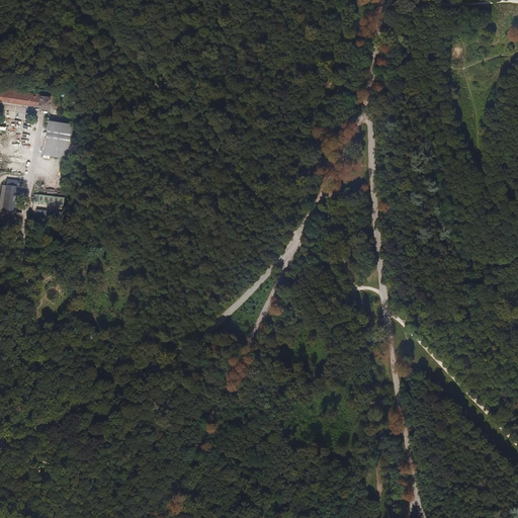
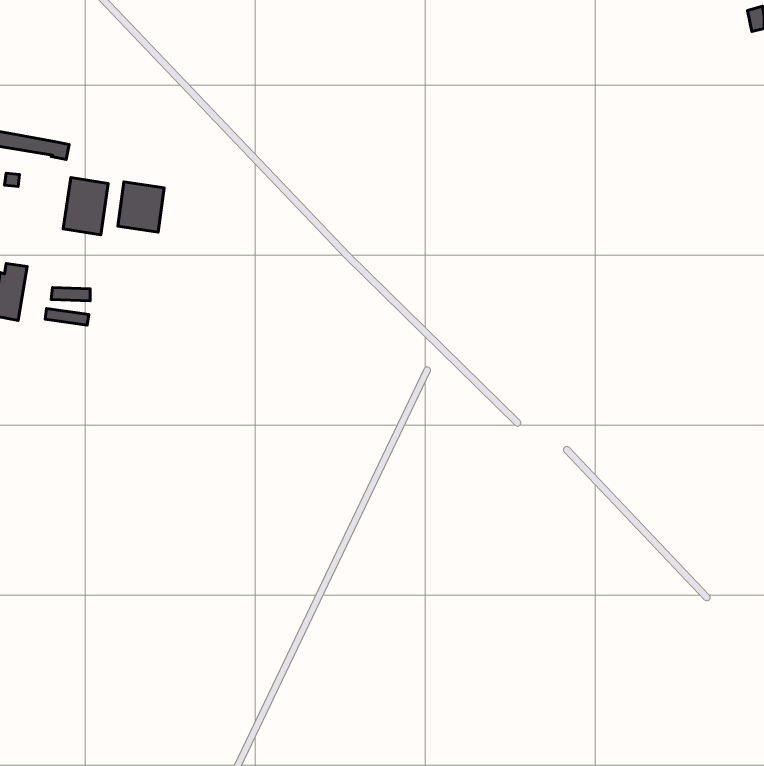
building: none -> [118,182,164,232]

